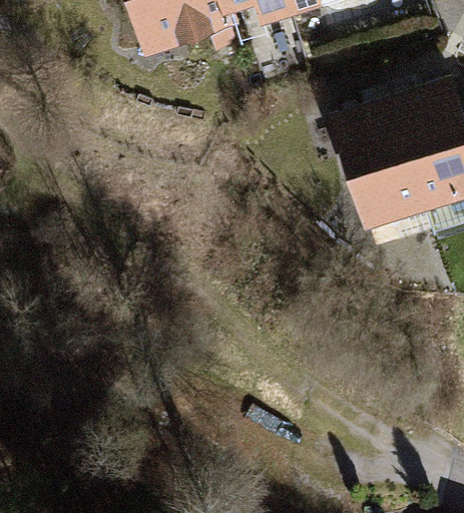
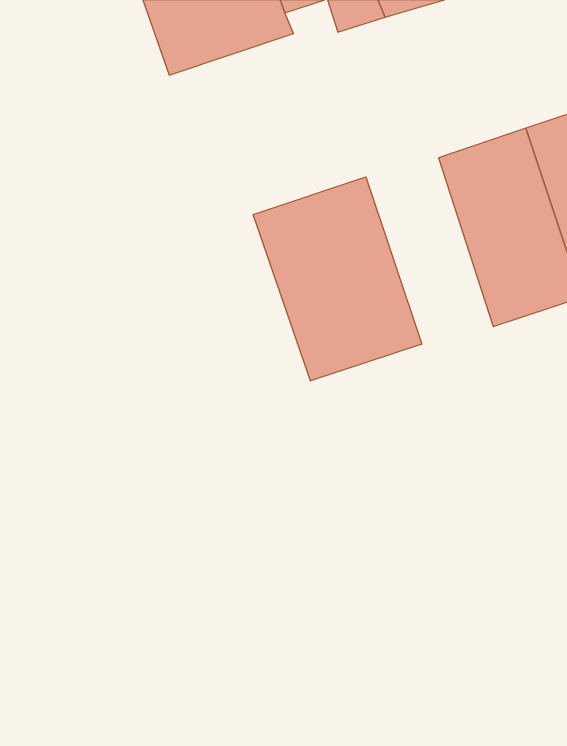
building: none -> [253,177,422,381]

